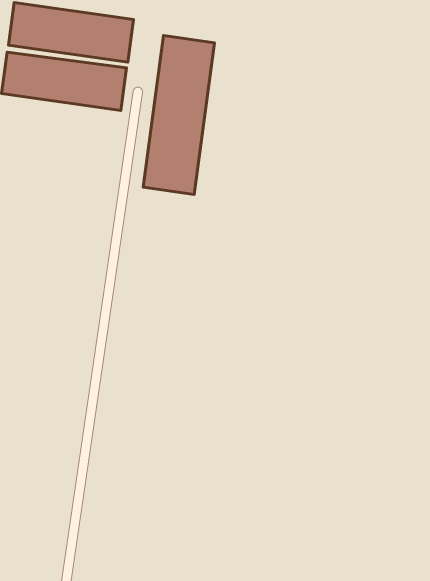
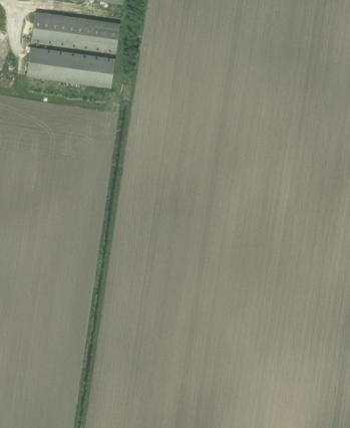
building: [143,35,215,195] -> none

